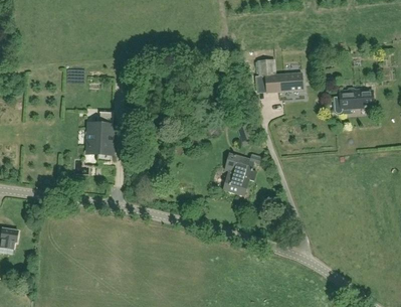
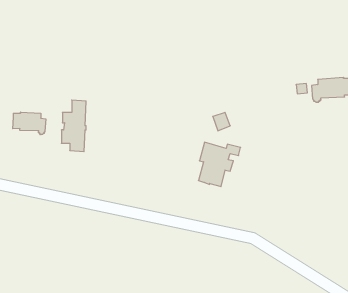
building: [249,59,304,93] -> none
building: none -> [13,112,46,135]

